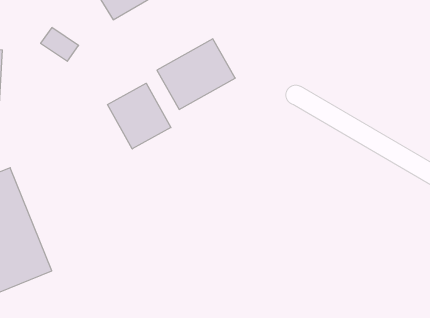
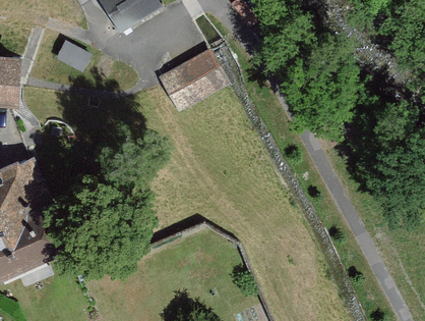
building: [108,83,171,149] -> none

